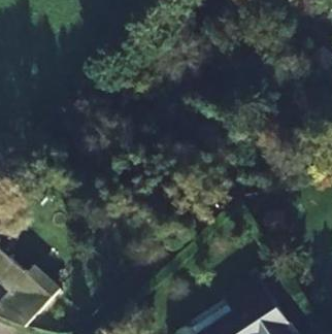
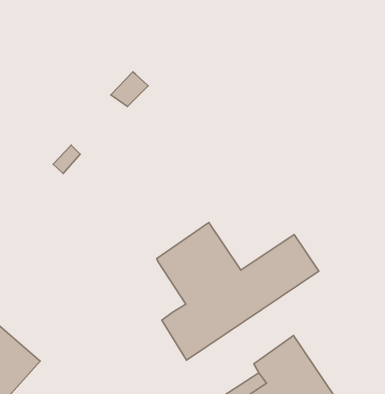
building: none -> [157,222,319,360]

